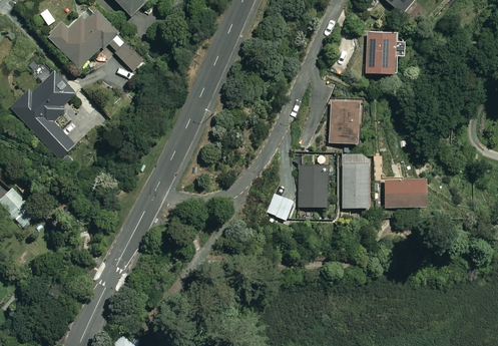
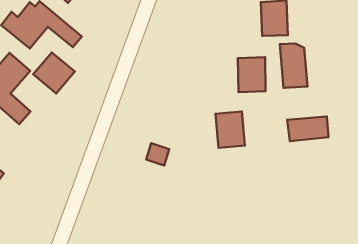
building: none -> [33,52,75,93]
building: [342,153,371,208] -> [280,44,308,88]
building: [266,192,295,220] -> [146,143,169,165]

